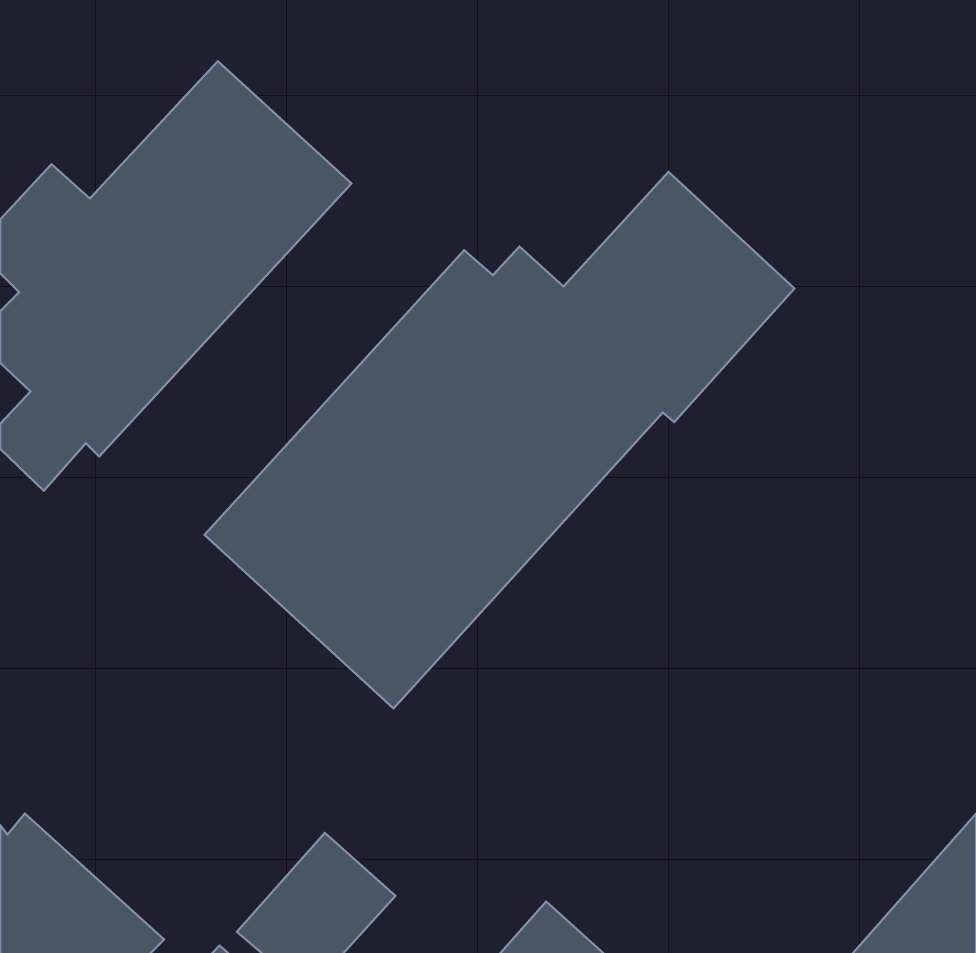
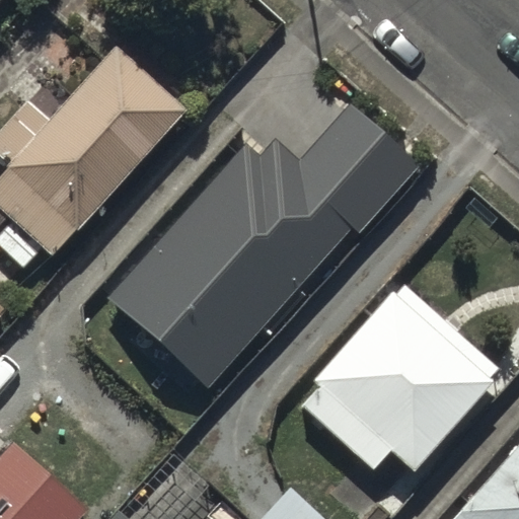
building: none -> [304,284,498,471]

